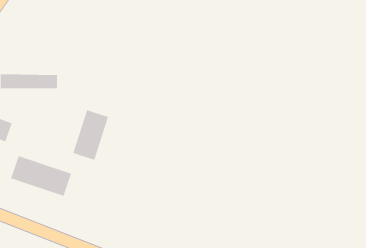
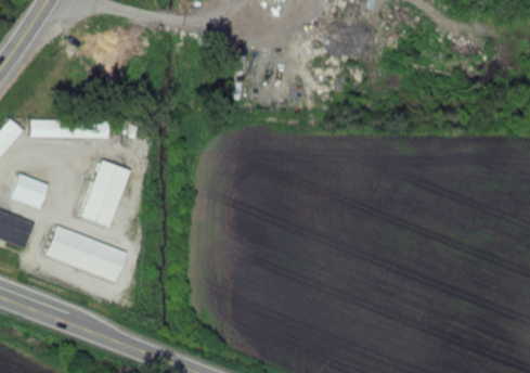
building: [73,110,109,160] -> [81,159,129,227]

